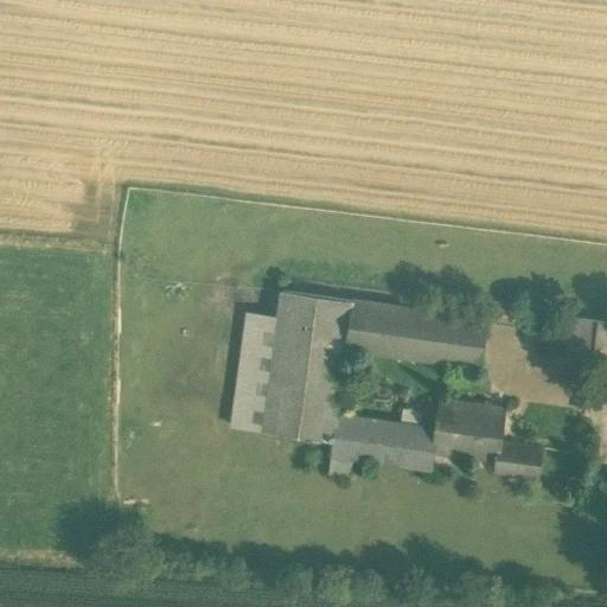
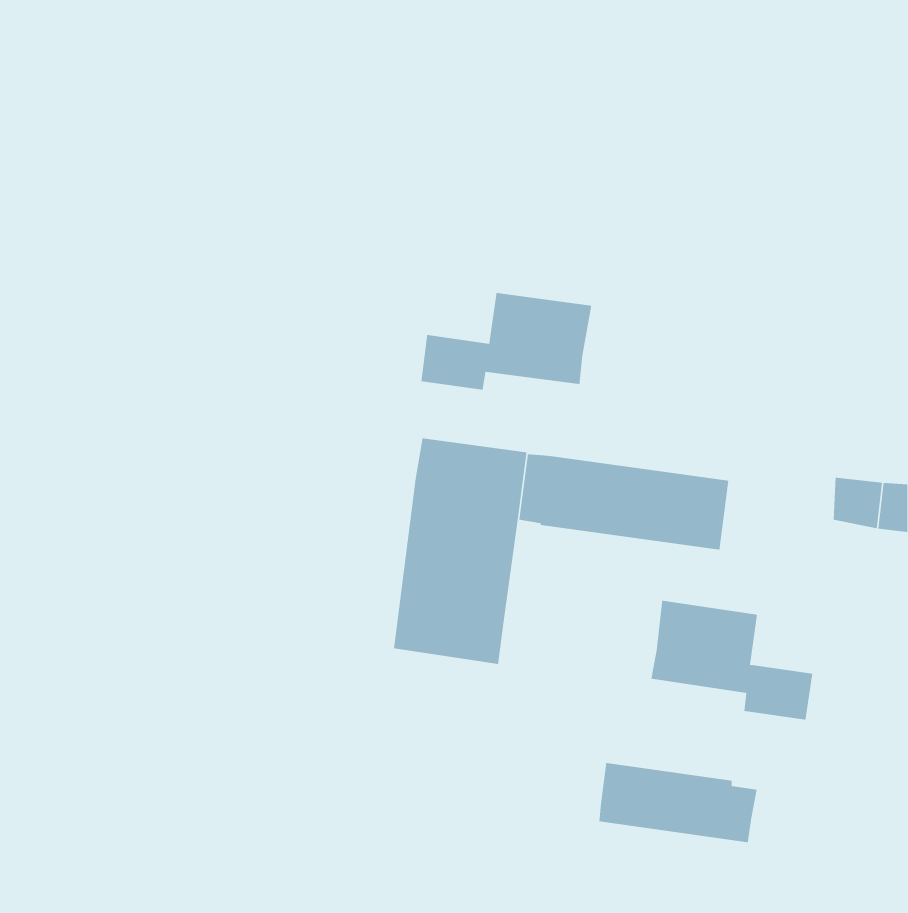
building: none -> [421,292,592,390]
building: [231,314,275,430] -> none
building: [330,414,435,467] -> [598,763,758,843]

